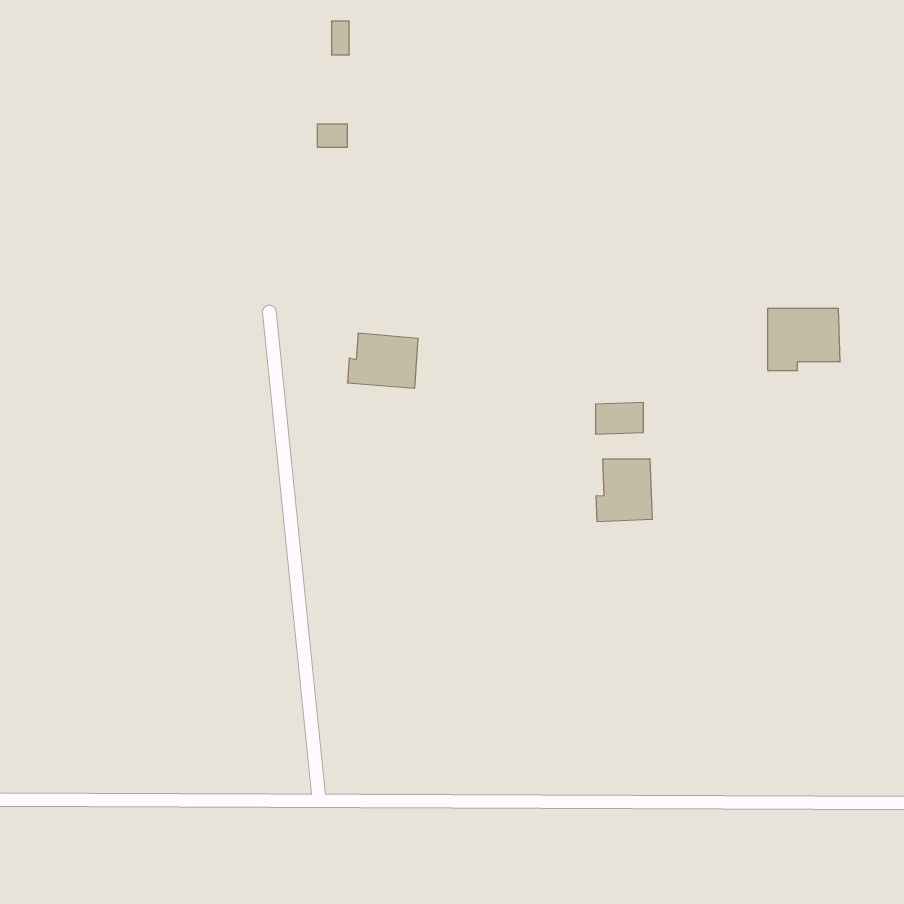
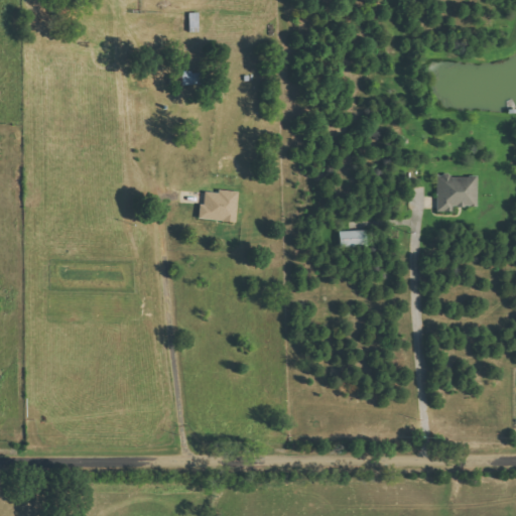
building: [596,459,652,522] -> none

